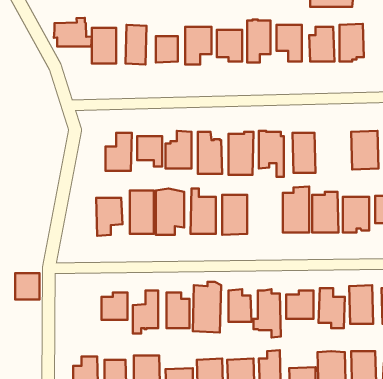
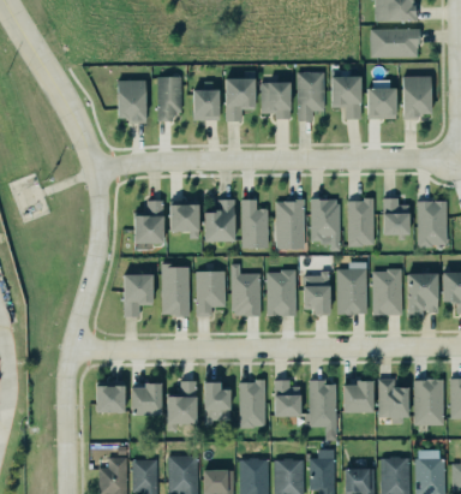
building: [54,18,92,47] -> none
building: none -> [381,197,408,239]
building: none -> [303,270,329,315]
building: [15,273,39,299] -> [95,382,122,412]

